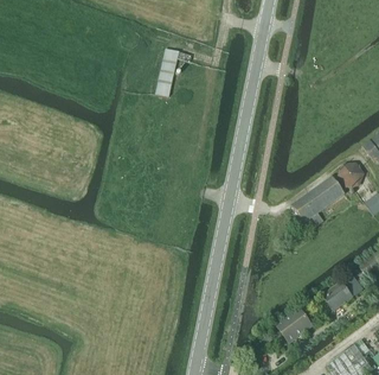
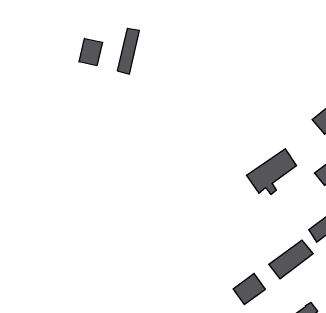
building: none -> [79,38,102,66]
building: [338,161,365,186] -> none

